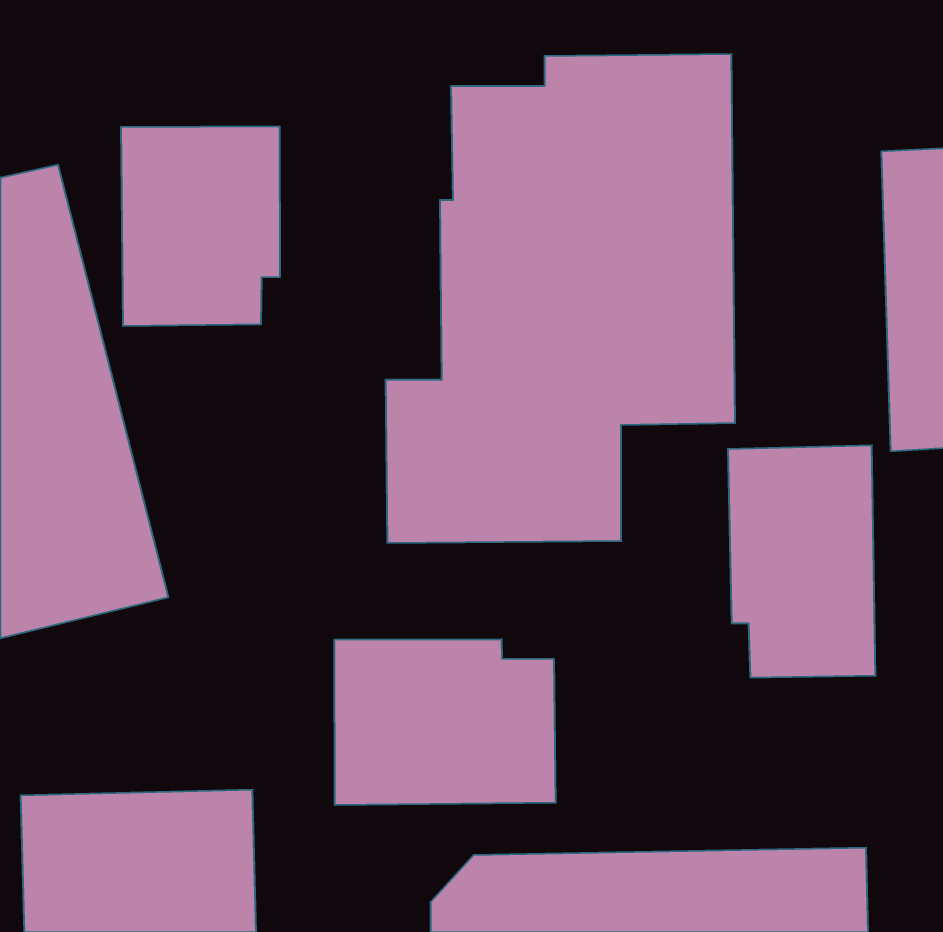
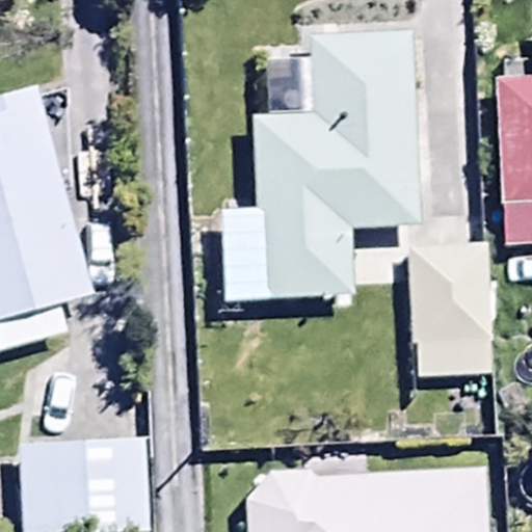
building: [121,126,280,326] -> none
building: [335,639,555,805] -> none

